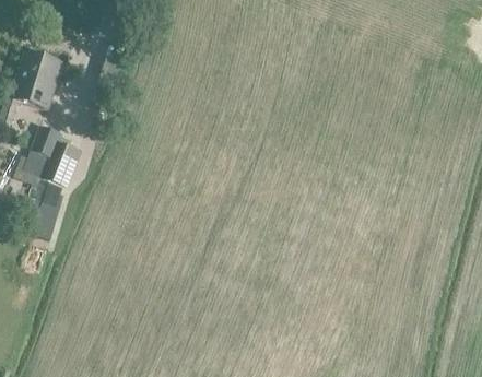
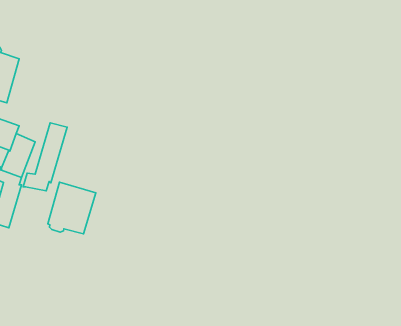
building: none -> [23,123,67,191]
building: none -> [48,182,96,234]

